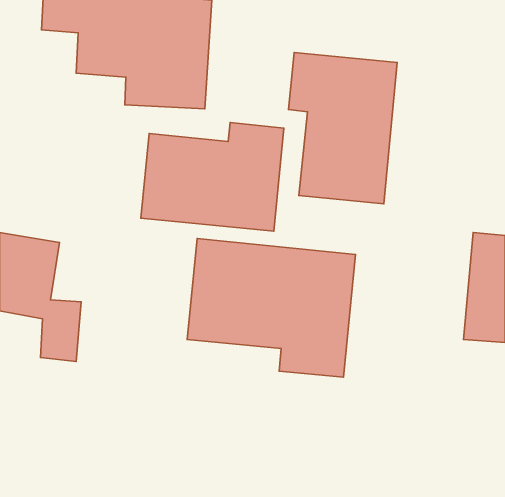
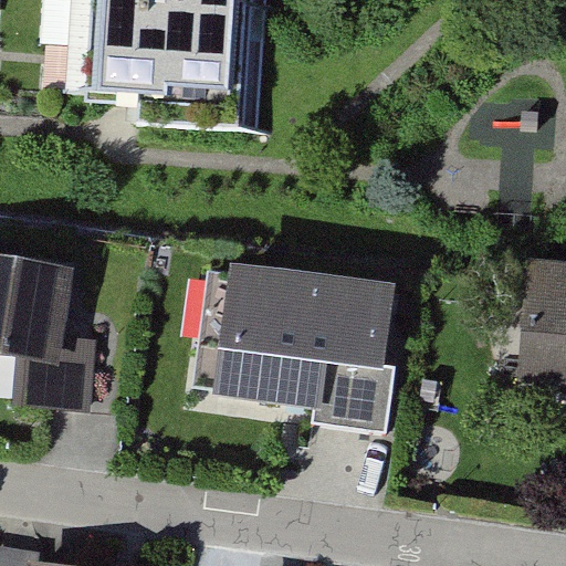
building: [288,52,397,204] -> none
building: [141,123,284,231] -> none

